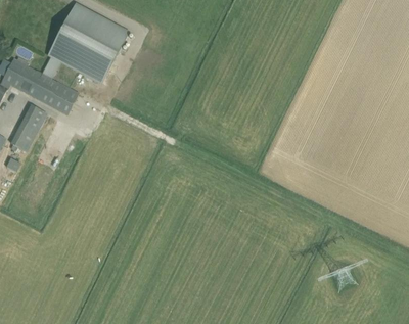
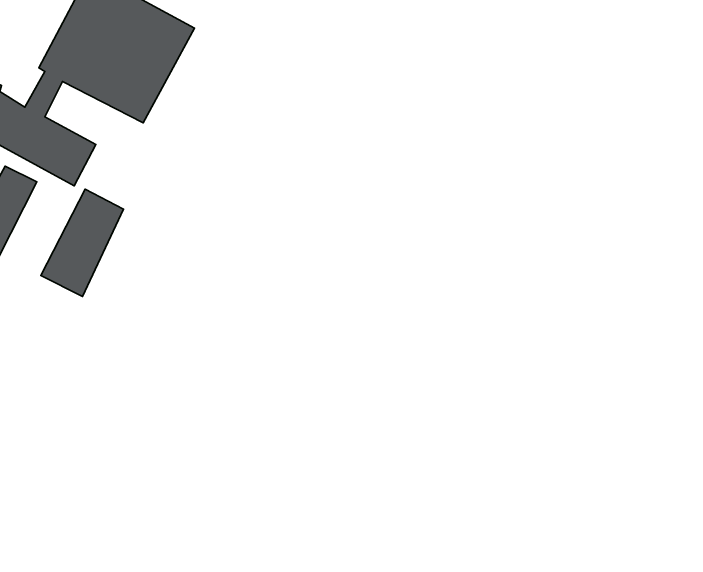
building: none -> [41,189,124,297]

